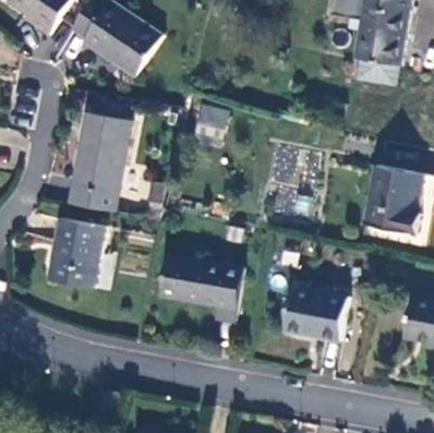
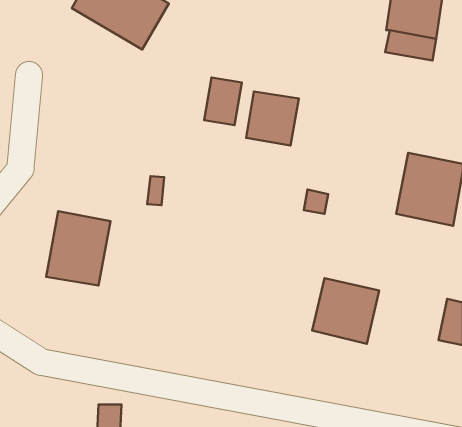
building: [65,111,130,208] -> none
building: none -> [246,91,299,146]
building: [159,253,240,314] -> none

